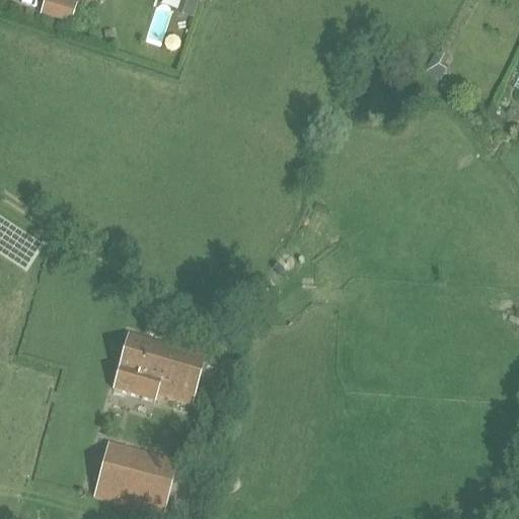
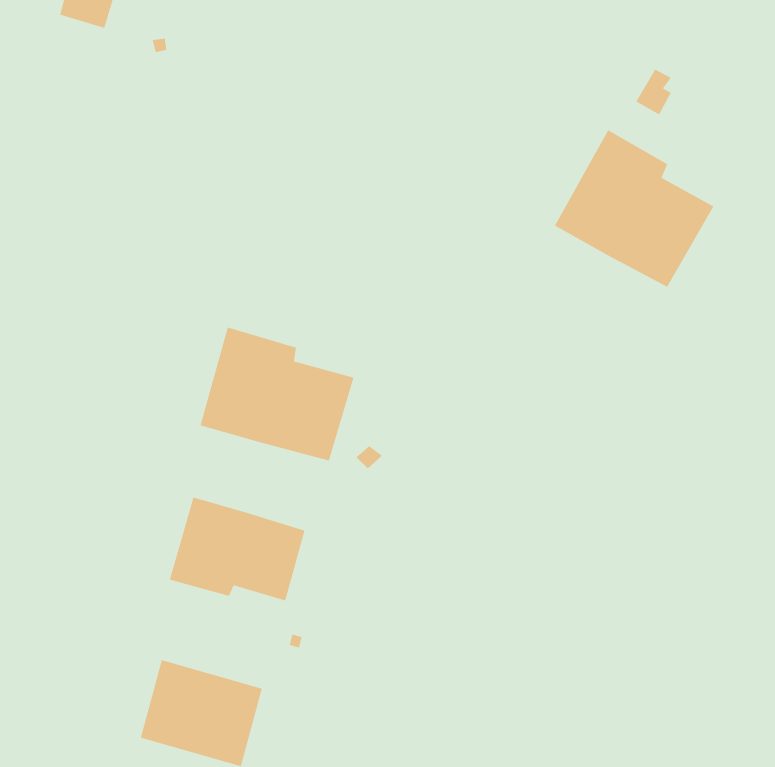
building: none -> [554,129,714,288]
building: none -> [199,327,354,461]

